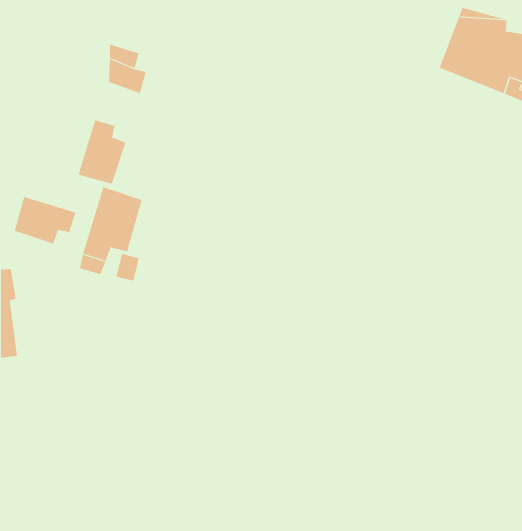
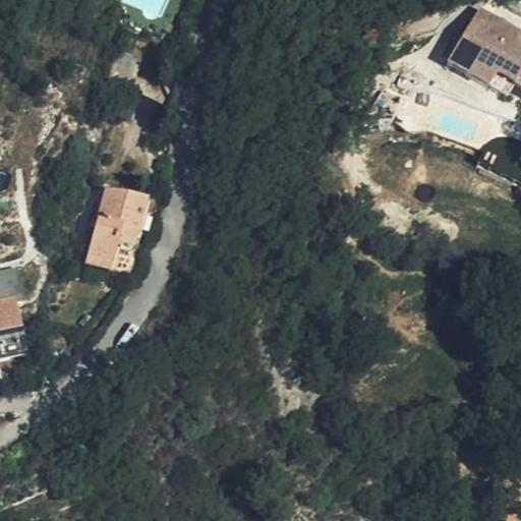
building: [78,119,126,185] -> none
building: [14,196,76,244] -> none

